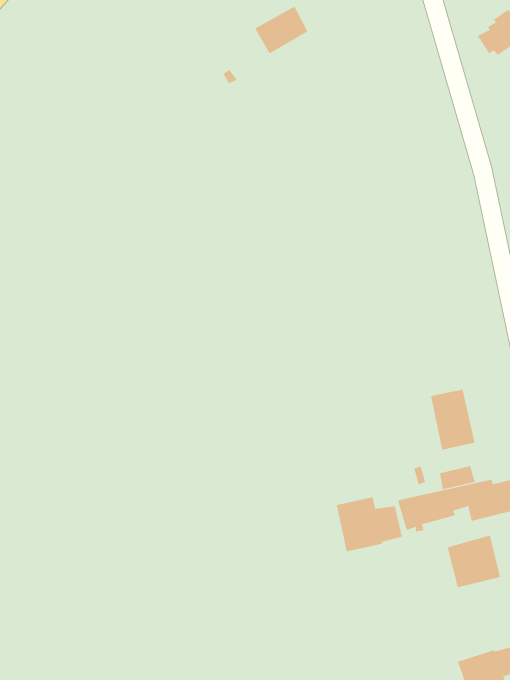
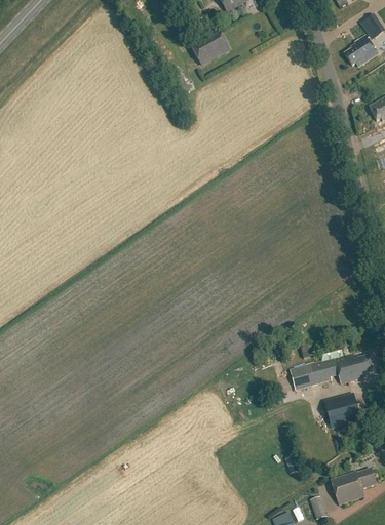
building: [430,389,475,450] -> none
building: [336,496,402,552] -> none

